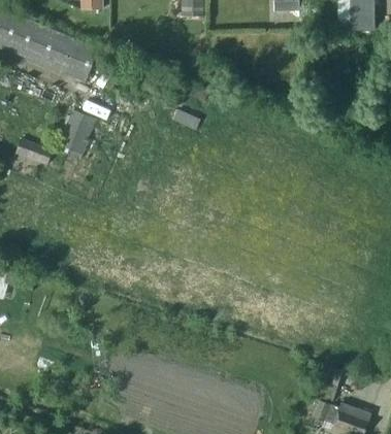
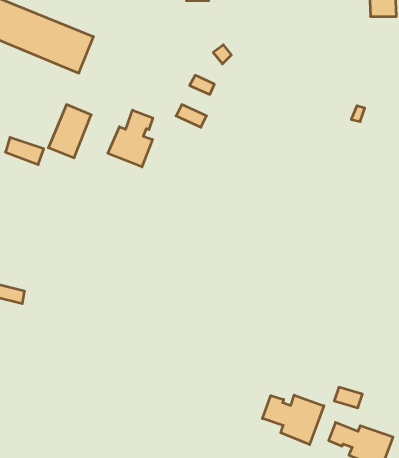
building: none -> [108,110,153,167]
building: none -> [262,395,324,445]

